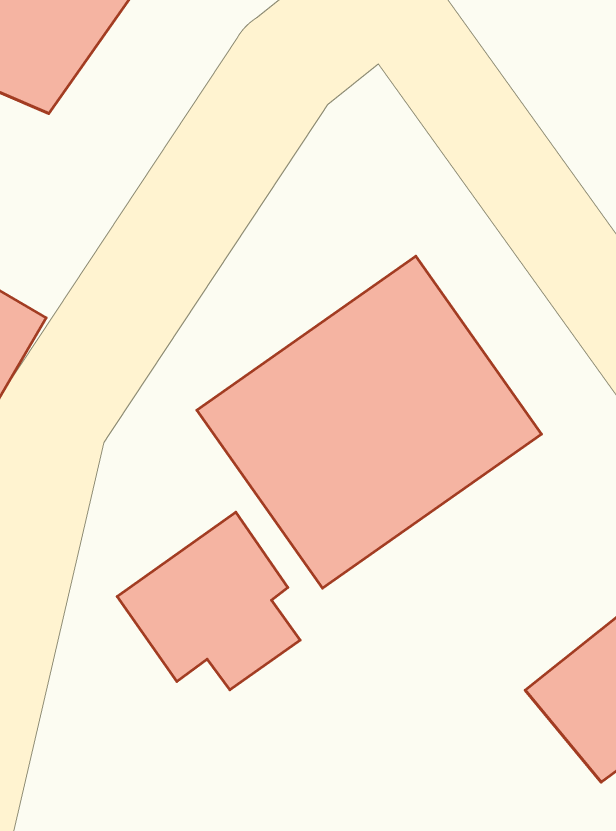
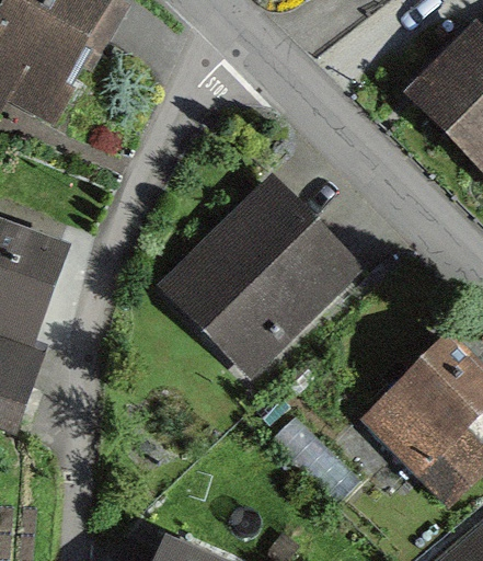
building: [117,512,300,690] -> none

